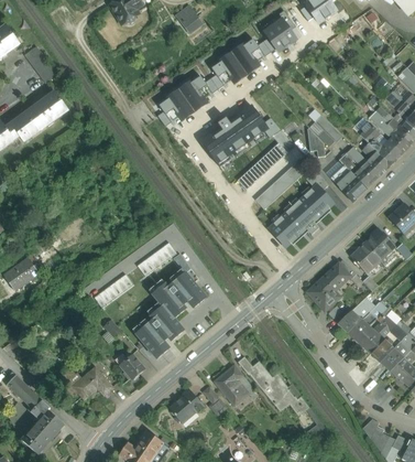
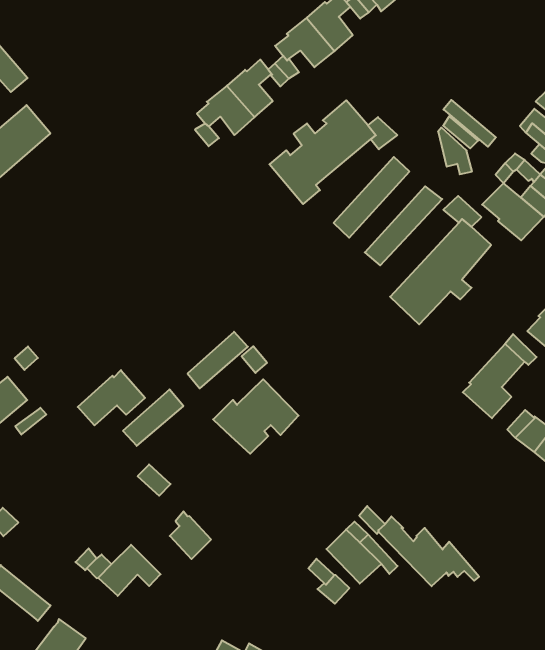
building: none -> [78,370,145,425]
building: [135,305,183,358] -> none
building: [170,388,203,422] -> none

